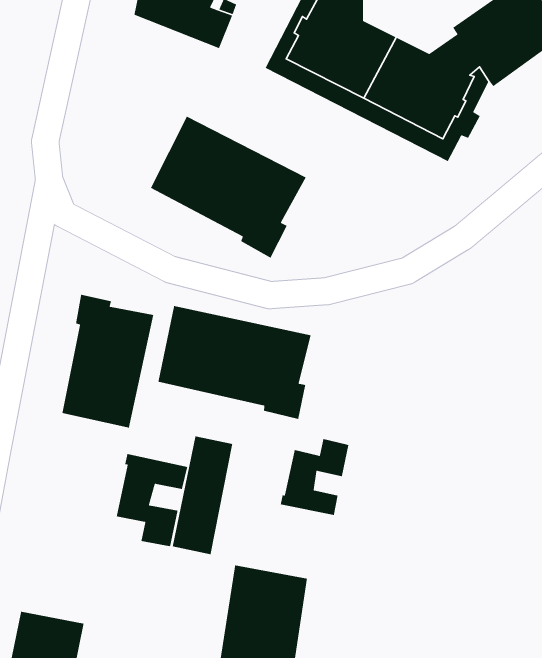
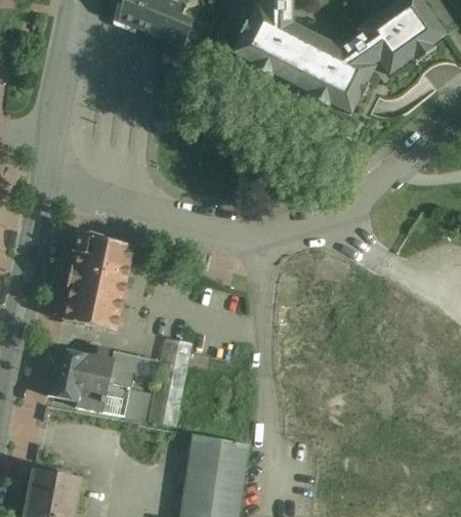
building: [150,116,307,259] -> none
building: [158,305,311,420] -> none
building: [280,438,350,516] -> none
building: none -> [47,346,126,416]

